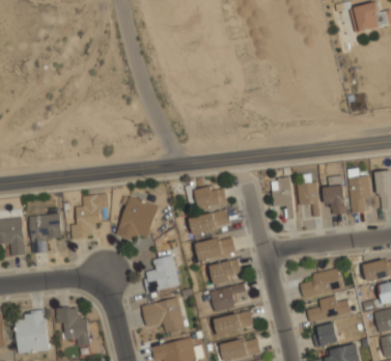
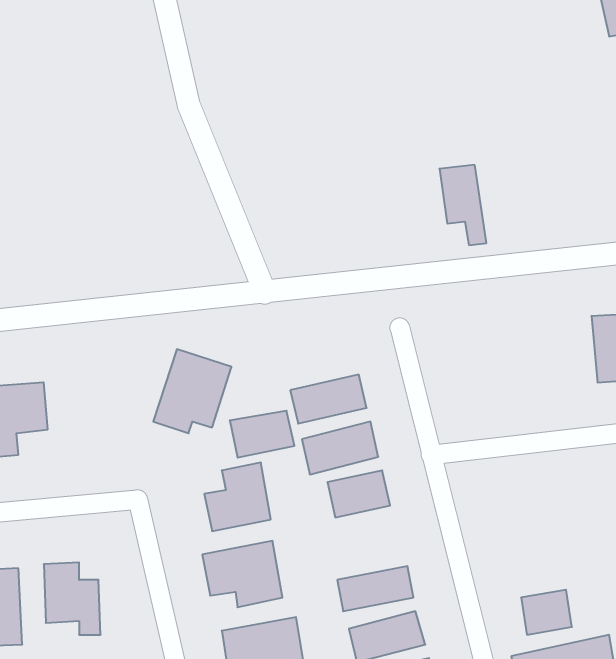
building: [271,176,296,219] -> [439,165,486,245]
building: [297,180,319,216] -> none
building: [193,184,227,209] -> [230,411,294,458]
building: [324,186,346,215] -> none
building: [72,194,100,238] -> none
building: [300,268,342,297] -> none
building: [210,285,247,310] -> none
building: [307,294,350,323] -> none

